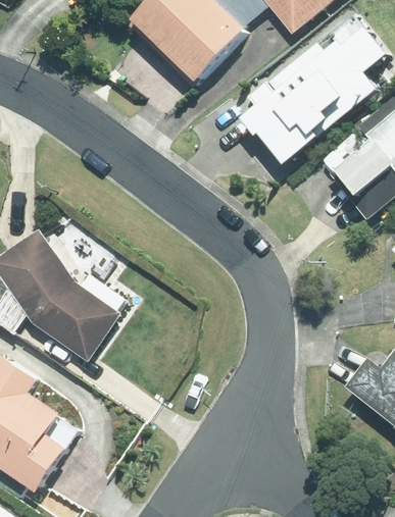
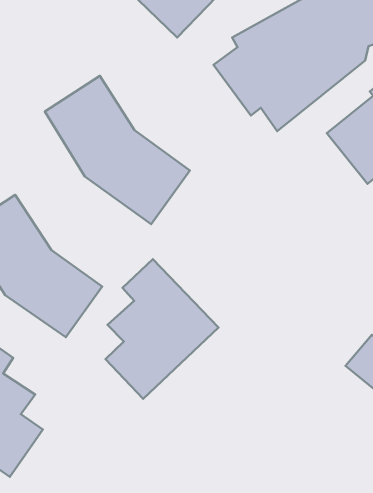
building: none -> [45,76,190,224]
building: none -> [105,259,218,399]

